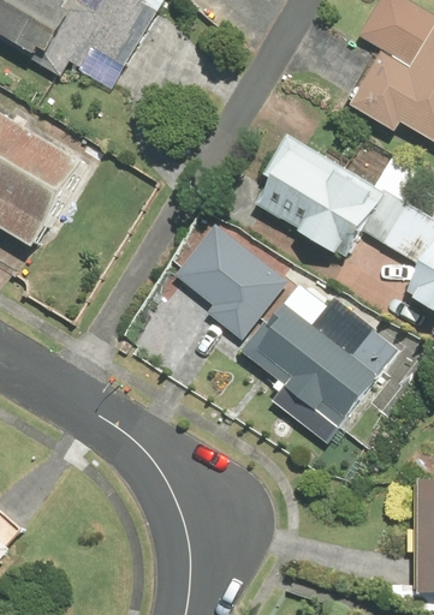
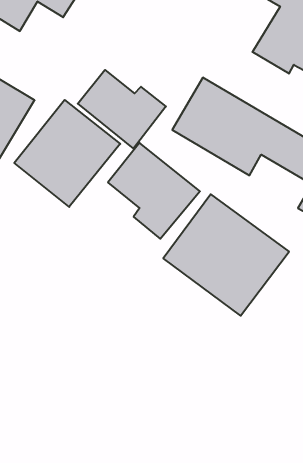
building: none -> [78,70,166,148]
building: none -> [14,100,120,207]

